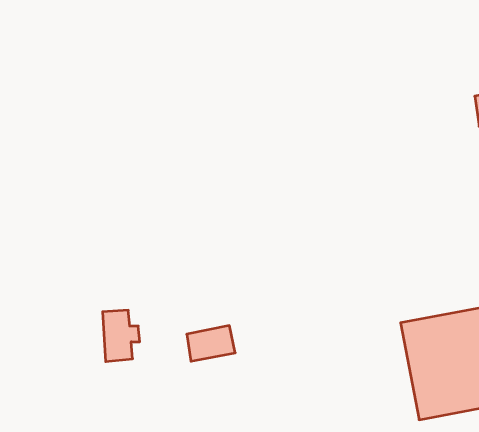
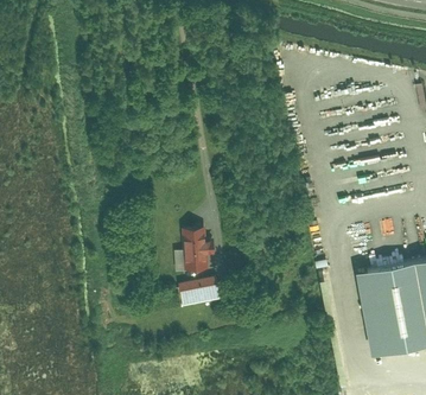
building: [103,310,140,362] -> [183,228,214,270]

